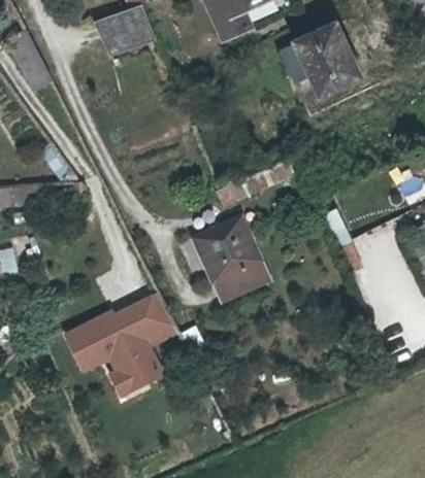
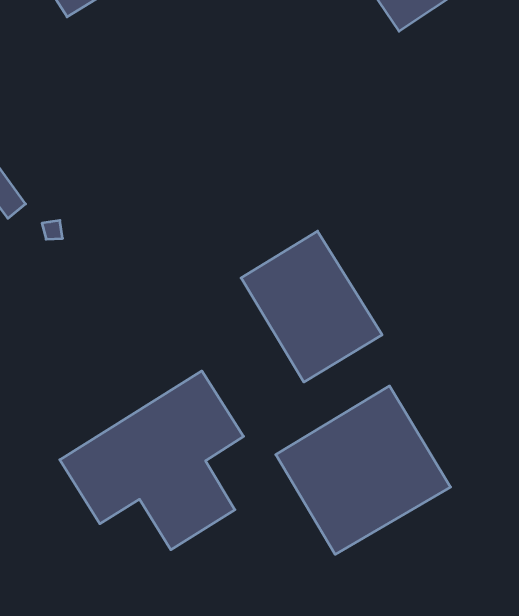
building: none -> [276,386,451,554]

